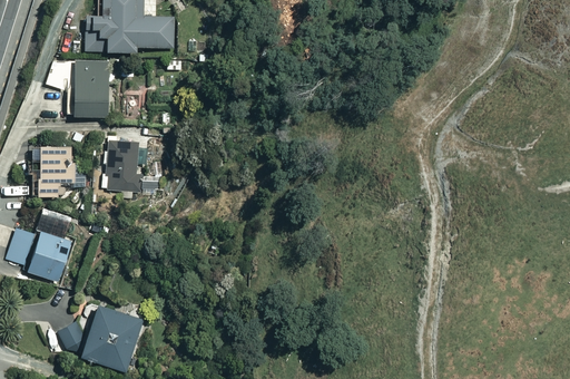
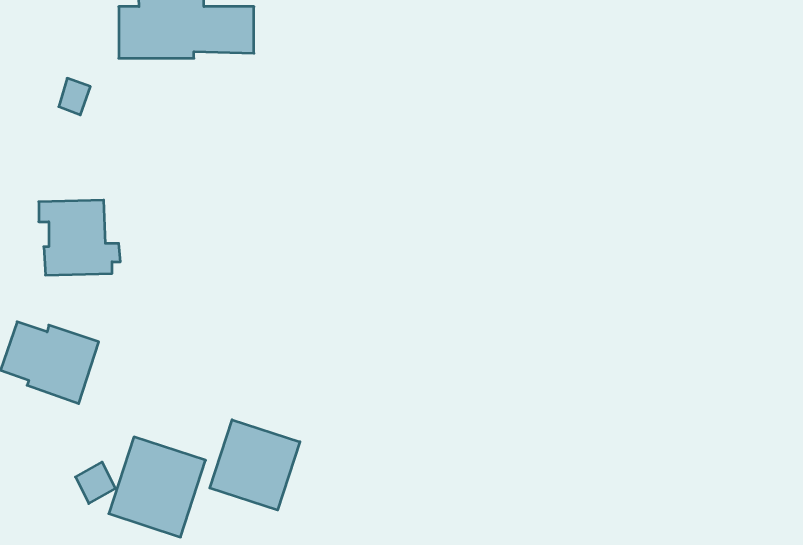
building: [67,58,131,122] -> none
building: [98,140,145,200] -> none
building: none -> [210,420,300,510]

